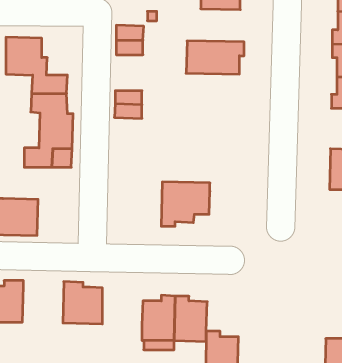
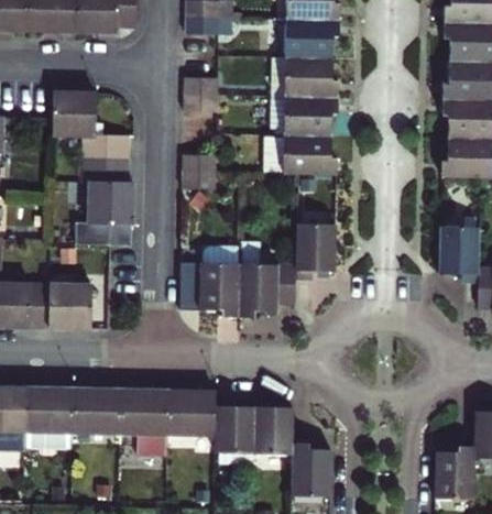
building: none -> [269,57,338,97]
building: none -> [263,134,336,174]
building: none -> [296,222,335,276]
building: none -> [179,245,239,317]
building: none -> [72,382,121,433]
building: none -> [167,384,216,435]

